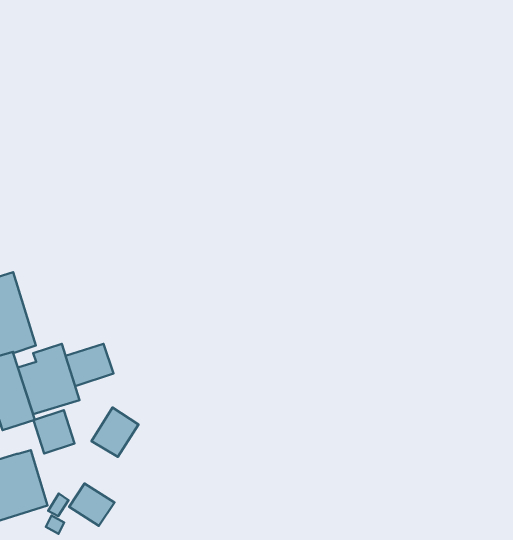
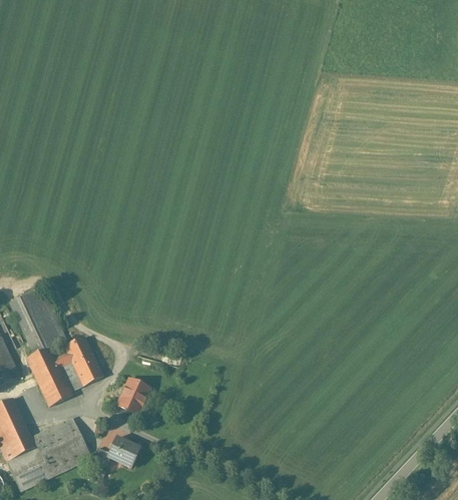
building: [66,344,114,386] -> none
building: [33,410,74,454] -> none

